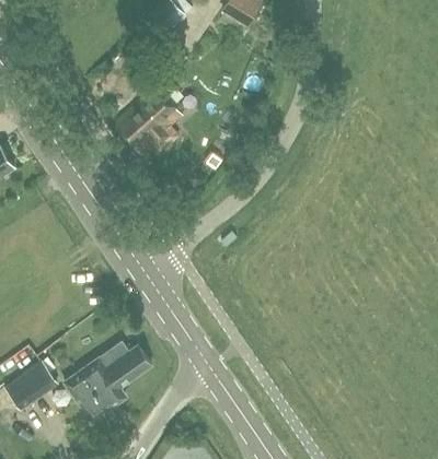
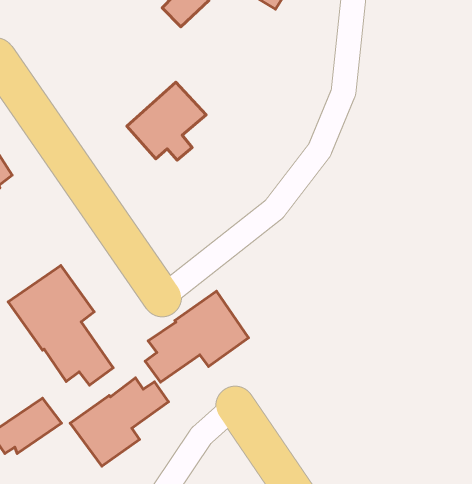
building: none -> [8,266,113,385]
building: none -> [145,291,248,382]

